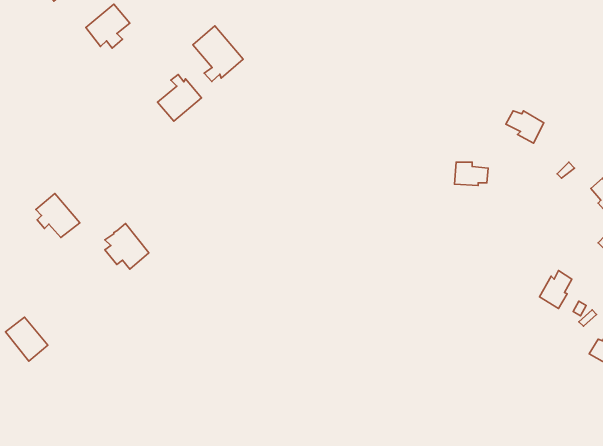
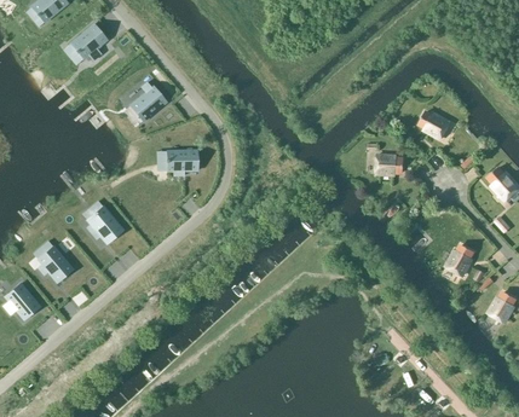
building: [193,26,243,82] -> none
building: none -> [167,150,198,175]
building: [36,194,80,237] -> [38,245,74,282]

